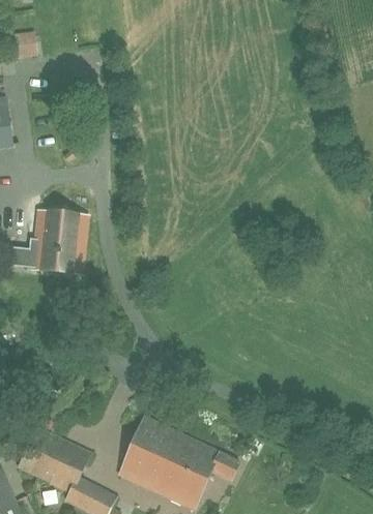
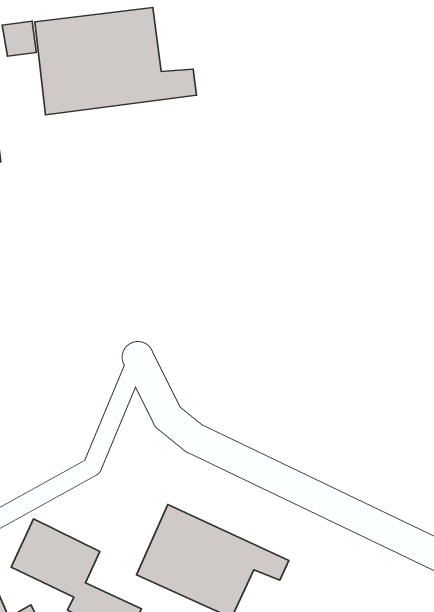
building: none -> [35,8,196,115]
building: [27,211,87,272] -> none

